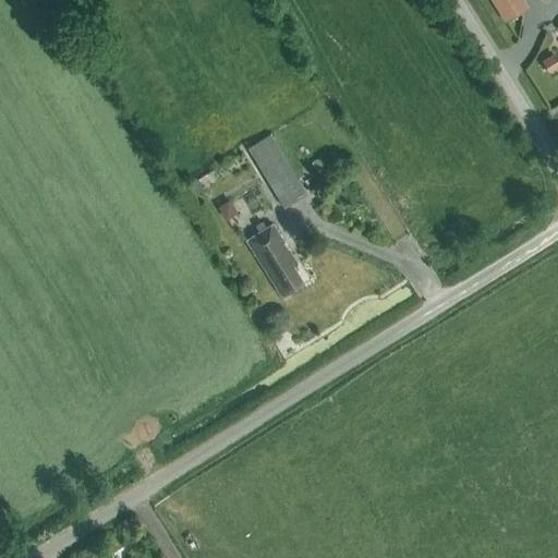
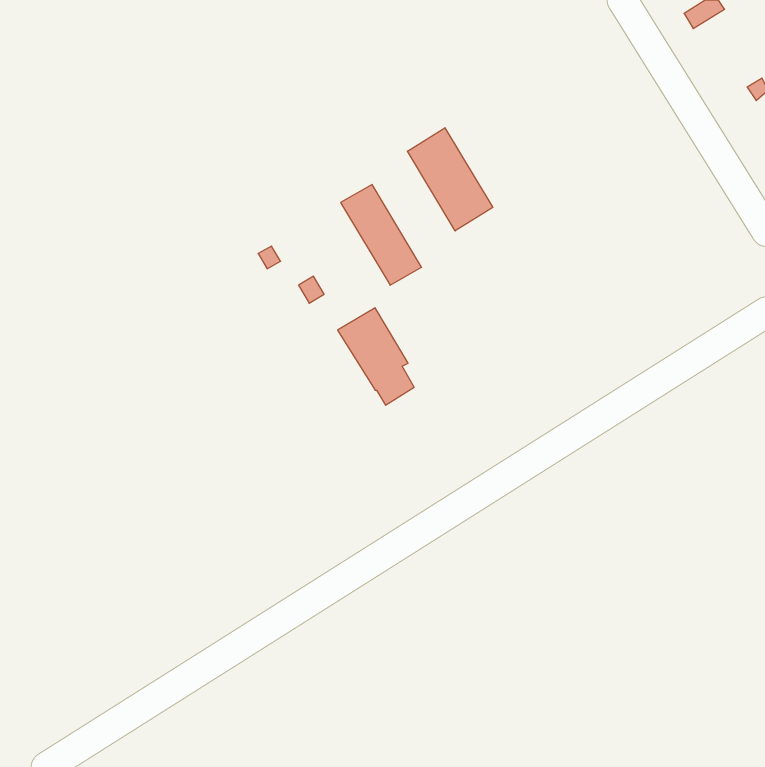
building: none -> [407,128,493,231]

